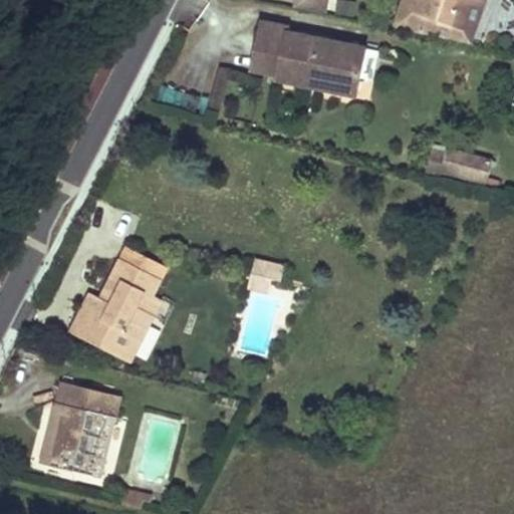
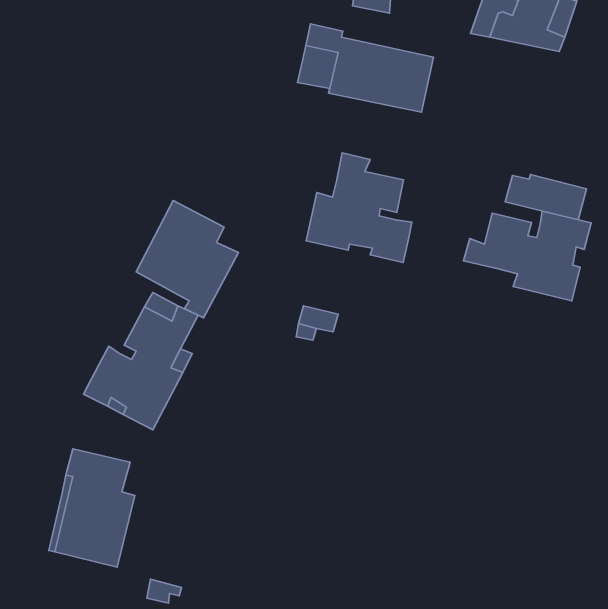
building: none -> [306,153,412,263]
building: none -> [136,201,239,318]
building: none -> [464,211,591,301]

